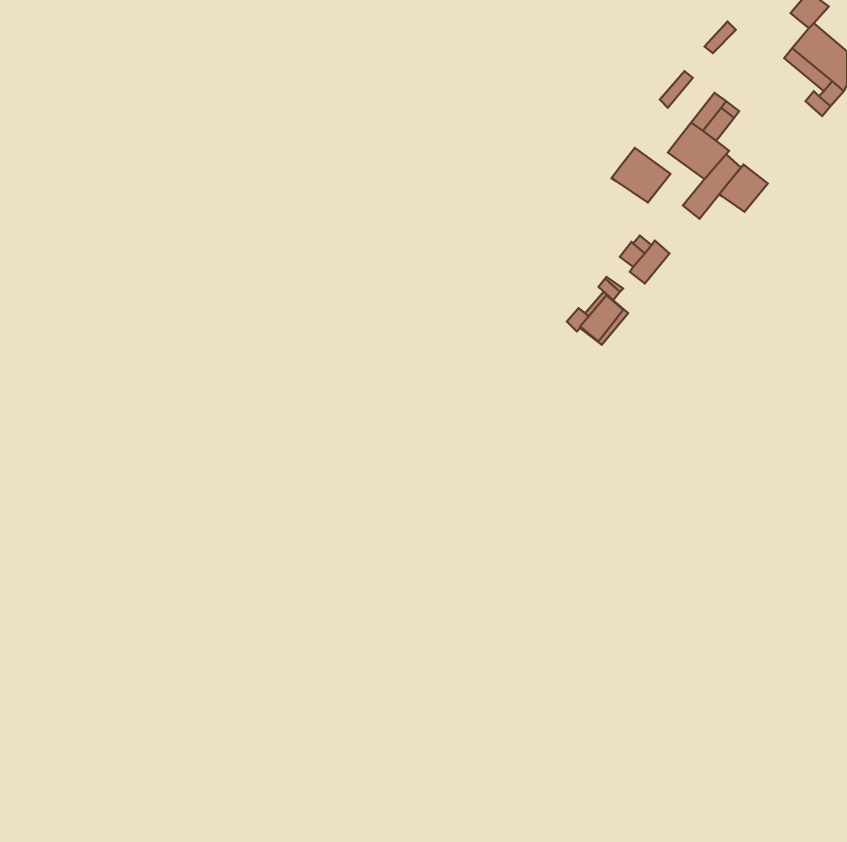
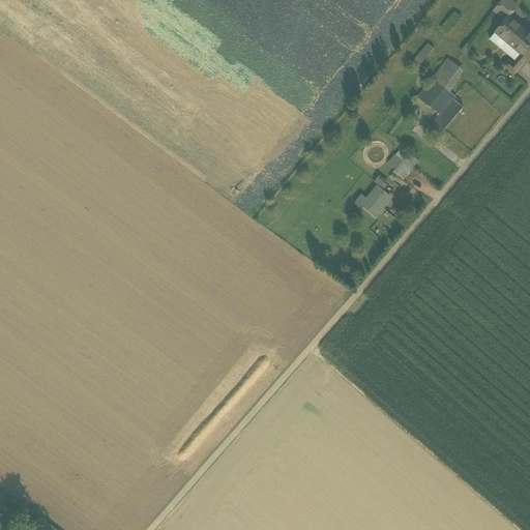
building: [612,148,670,202] -> none
building: [719,165,768,212] -> none

